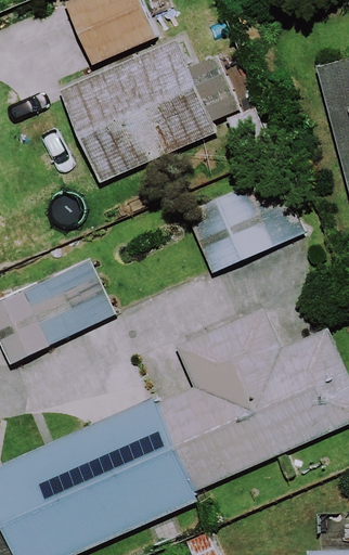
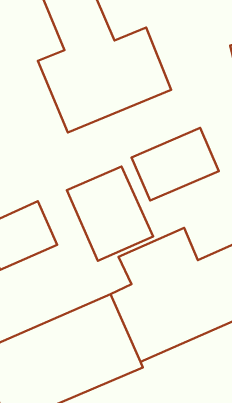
building: none -> [67,166,153,261]

